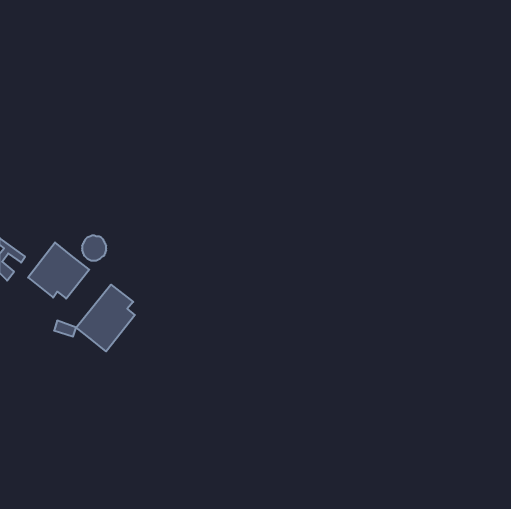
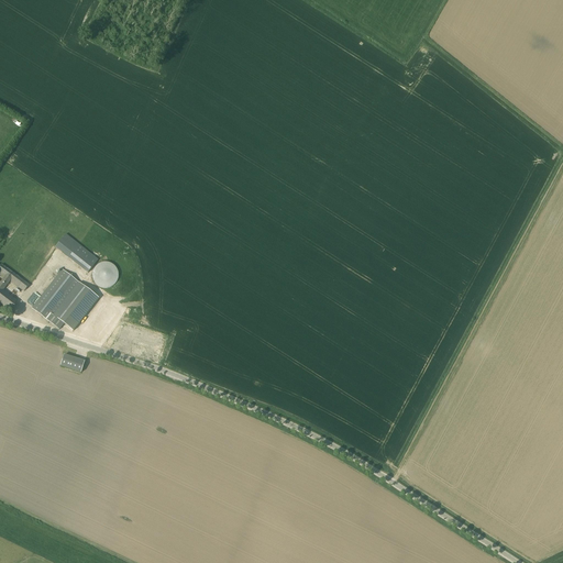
building: none -> [63,242,97,269]
building: [76,285,135,351] -> none

